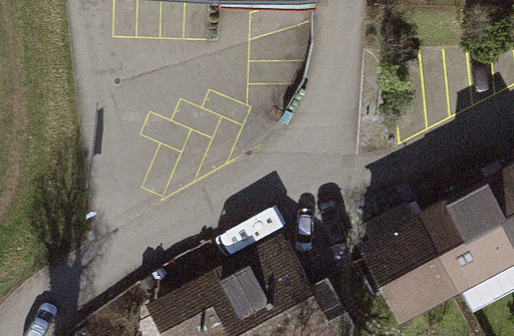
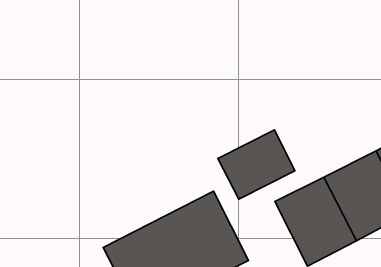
building: none -> [218,130,295,199]

